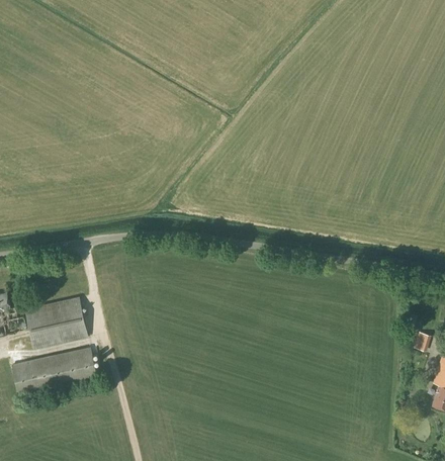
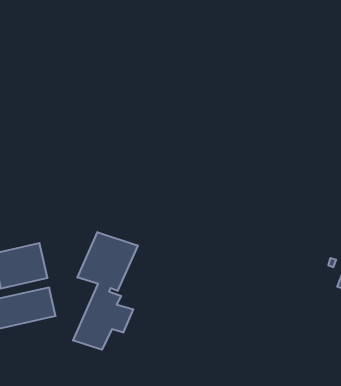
building: none -> [73,232,138,350]

